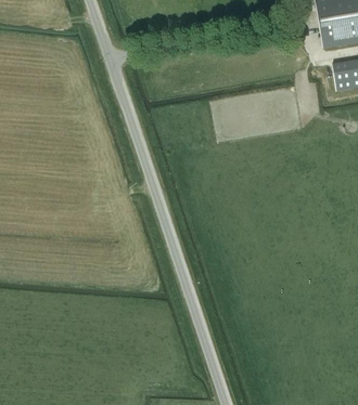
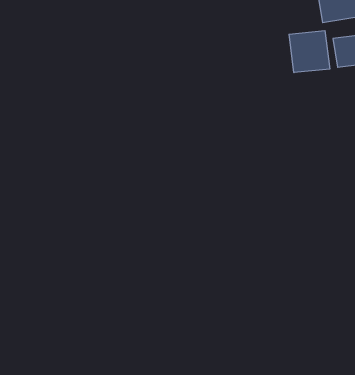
building: none -> [289,31,330,73]

